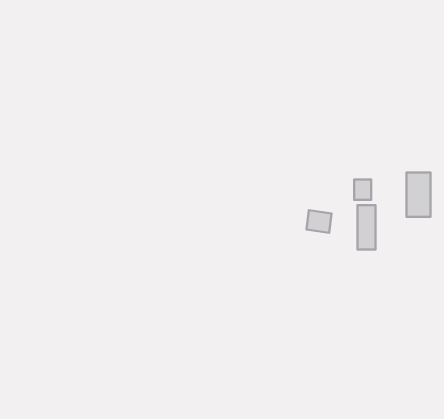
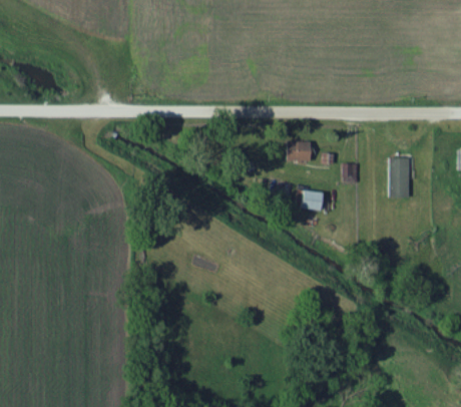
building: none -> [287,141,310,160]
building: [358,205,376,250] -> none

